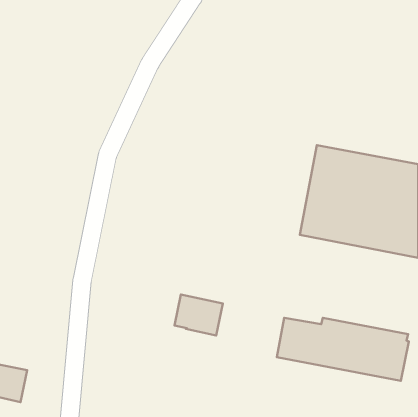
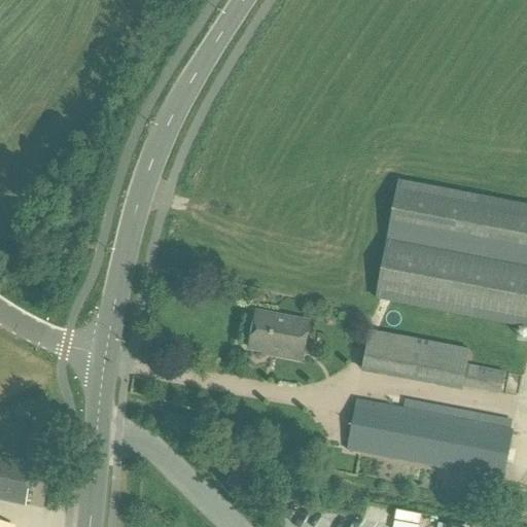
building: none -> [362,329,504,392]
building: [174,294,223,335] -> [248,309,309,360]

